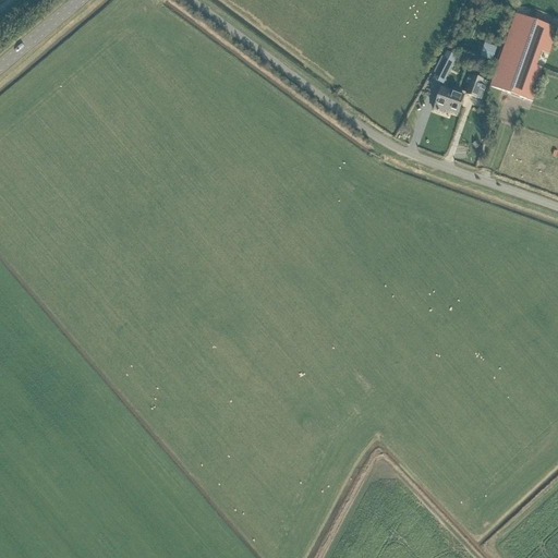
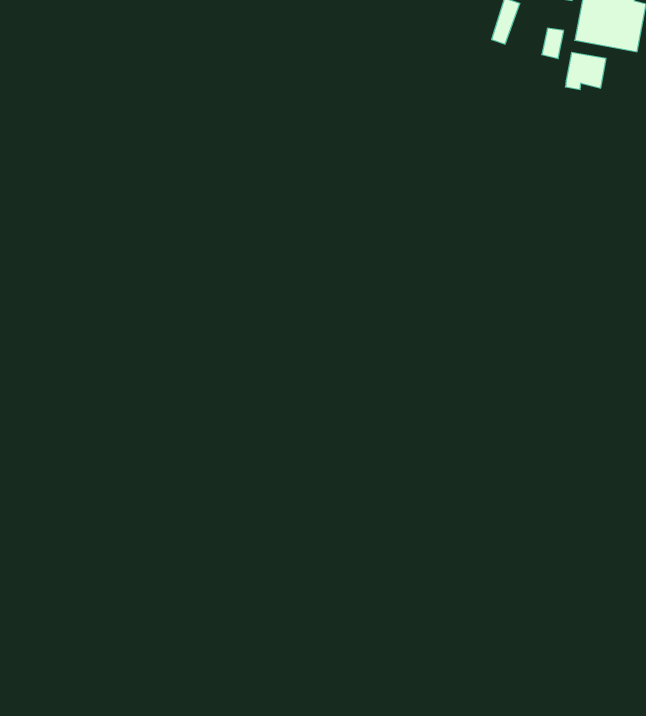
building: [434,85,464,112] -> [565,52,606,90]

